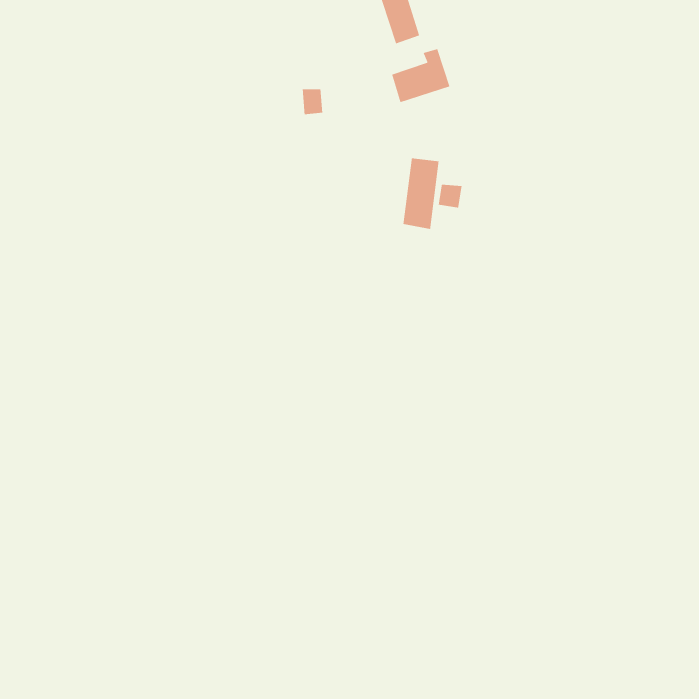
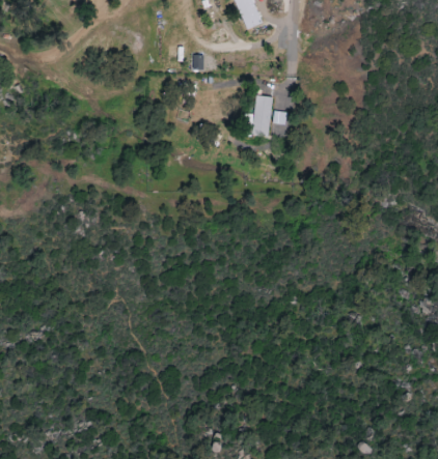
building: [391,48,451,103] -> none

